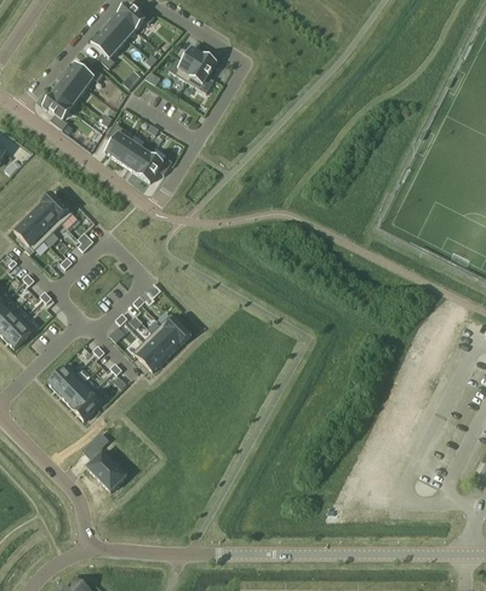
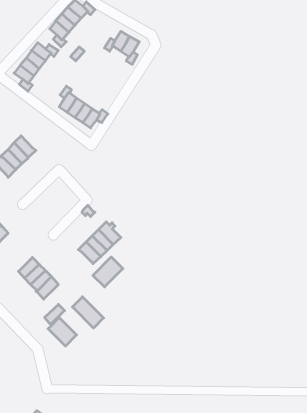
building: none -> [93,257,123,287]
building: none -> [72,297,104,328]

